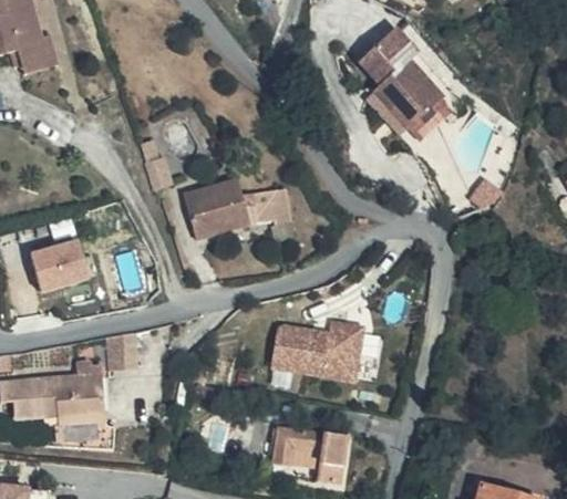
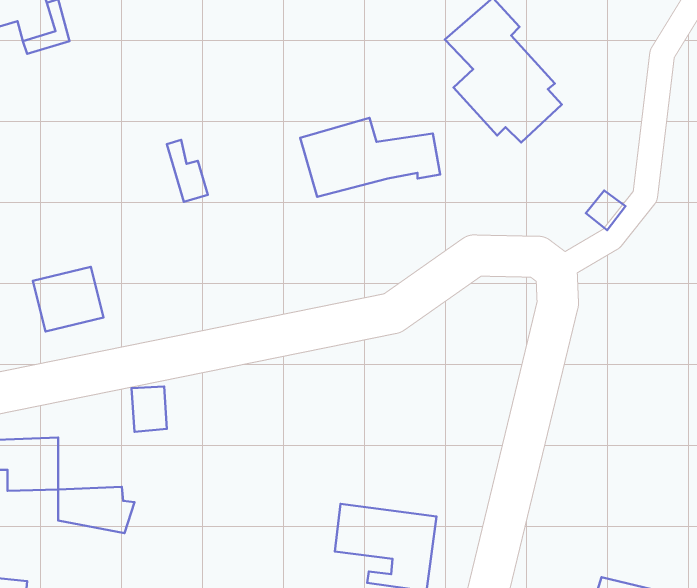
building: [181,177,290,239] -> [300,118,440,197]
building: [272,319,367,382] -> none
building: [53,363,103,415] -> none

